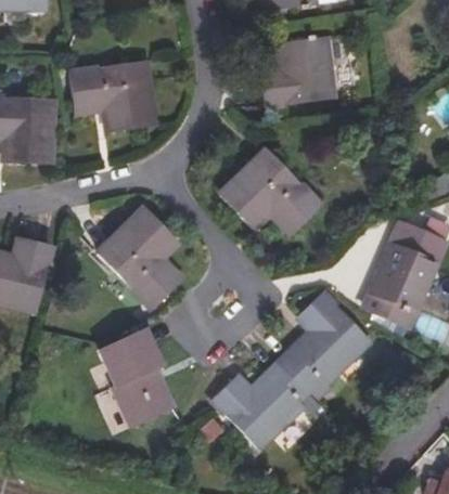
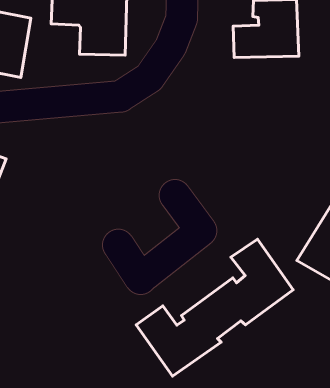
building: [220,147,317,223] -> none
building: [100,207,175,303] -> none
building: [101,327,172,421] -> none

